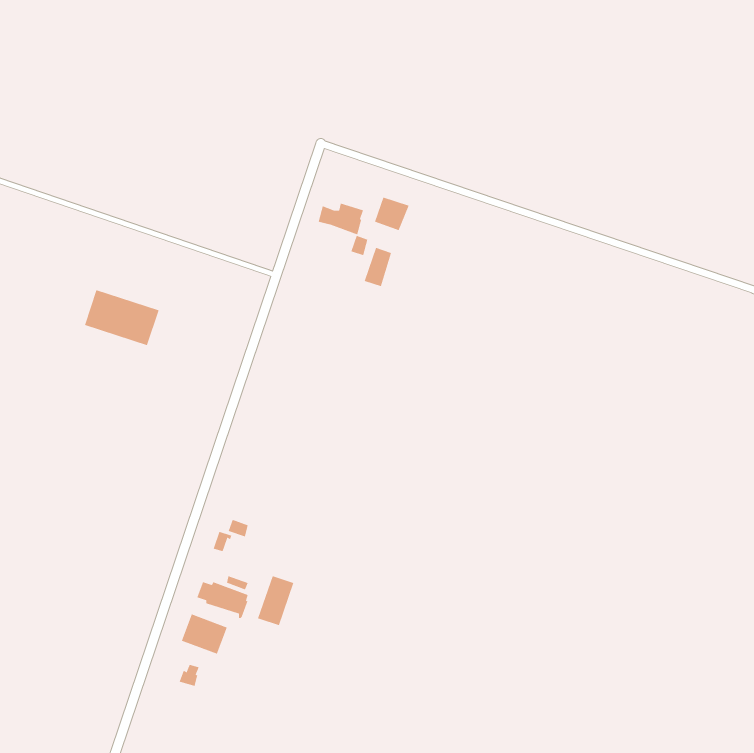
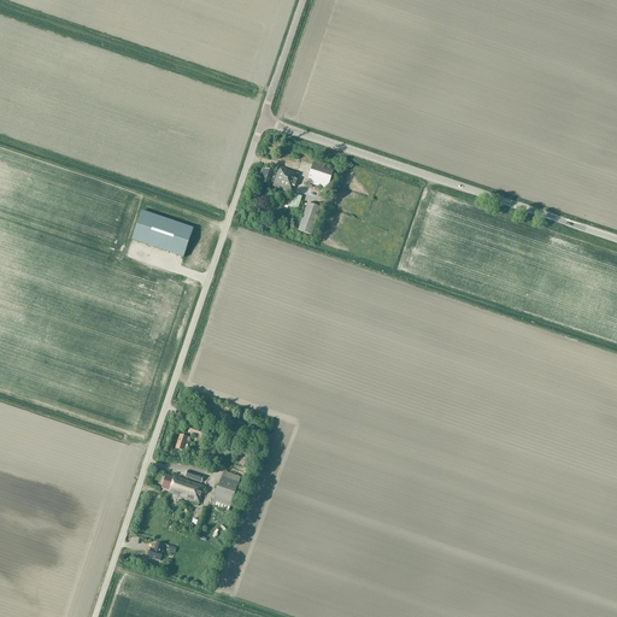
building: [84,290,159,346] -> [130,210,192,255]
building: [181,614,228,655] -> none

